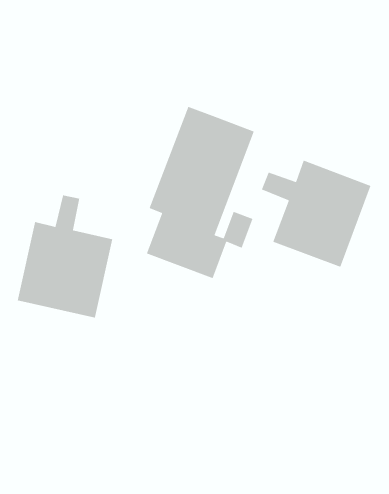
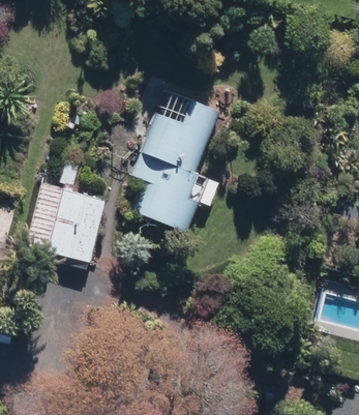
building: [261,160,372,268] -> none

